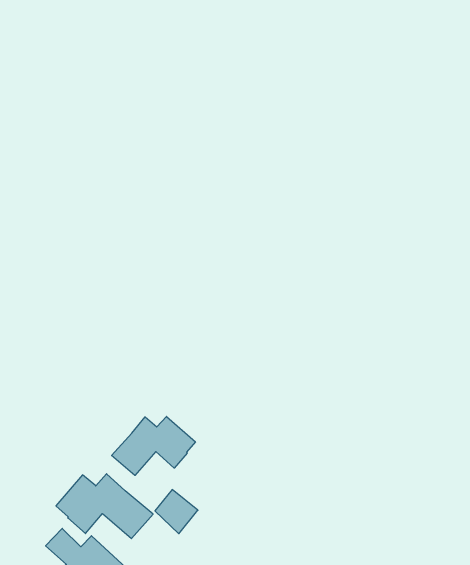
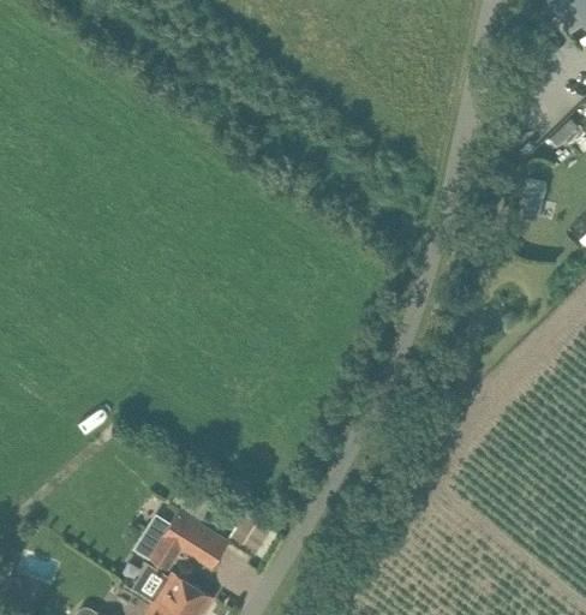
building: [112,416,195,475] -> none

